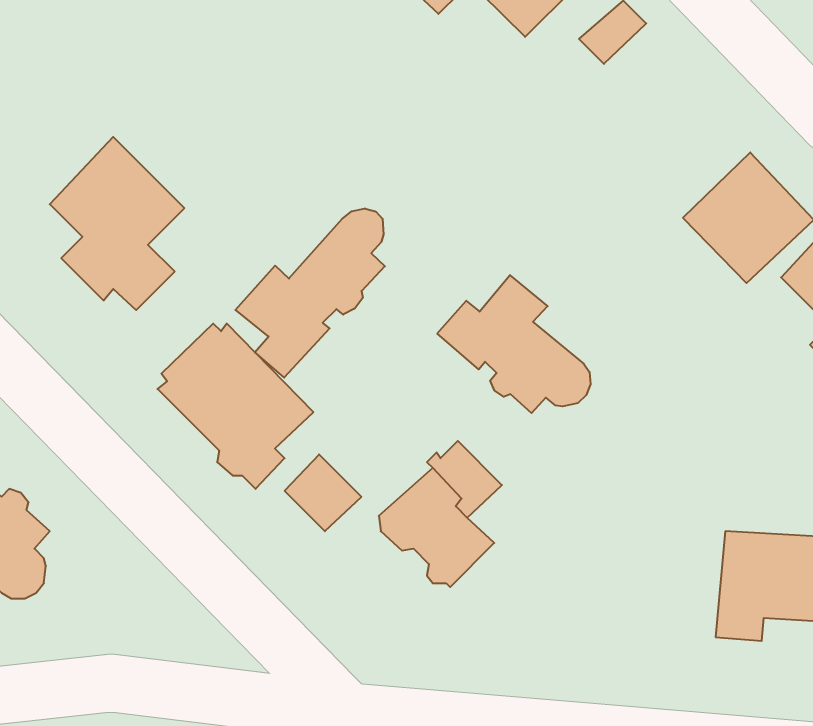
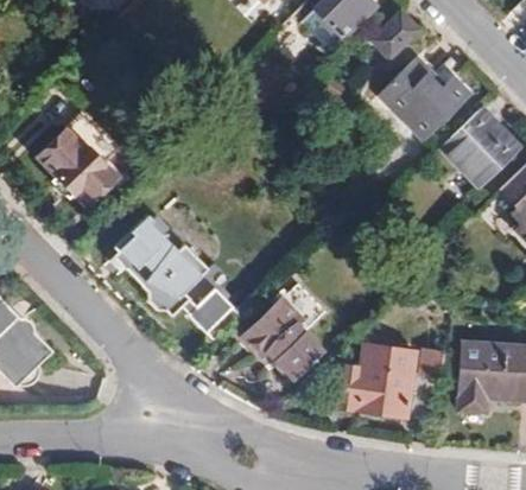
building: none -> [384,50,474,133]
building: [235,208,385,378] -> none
building: [437,275,591,413] -> none
building: none -> [334,348,417,419]

